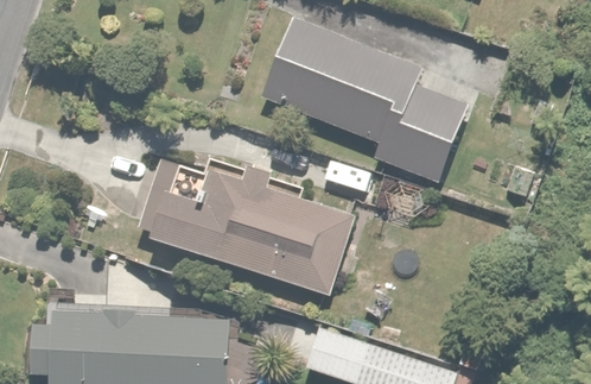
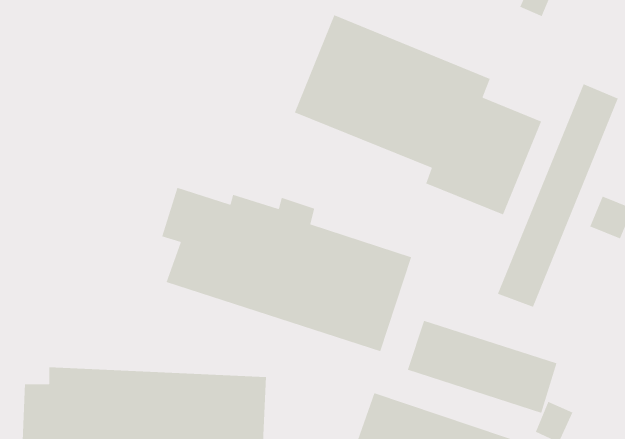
building: none -> [497,83,619,308]
building: none -> [407,320,558,414]

